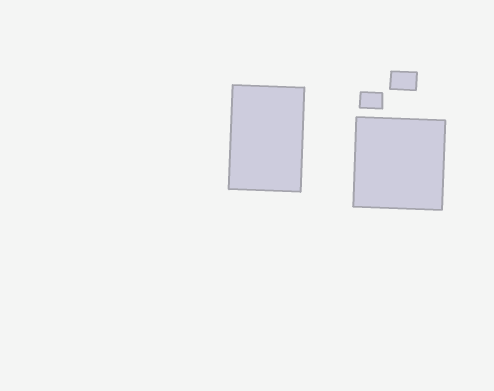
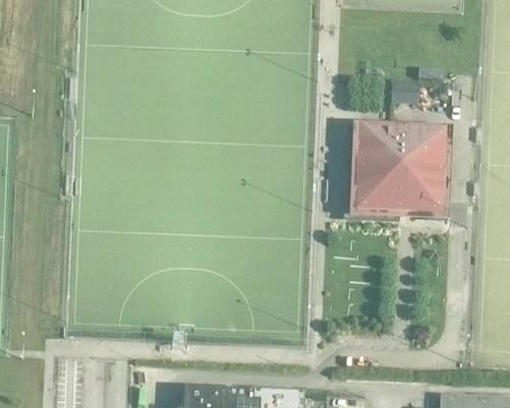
building: [229,85,304,192] -> none

